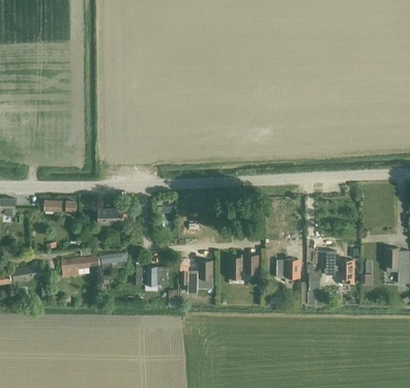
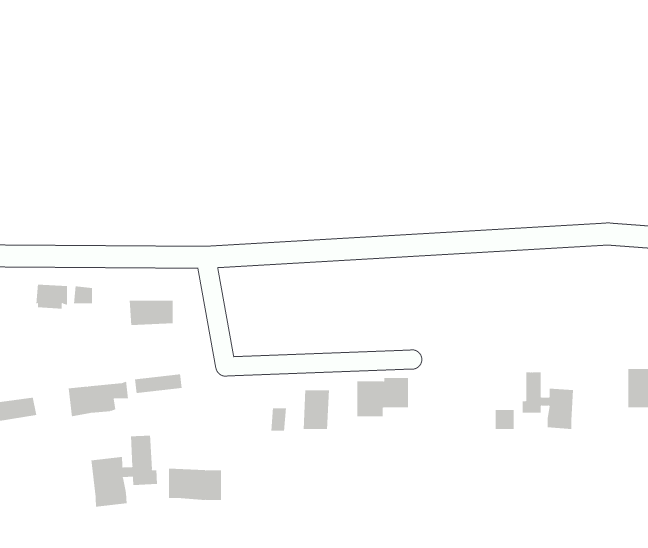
building: [275,260,299,277] -> none
building: [136,266,167,285] -> [168,468,222,500]
building: none -> [91,435,158,508]

